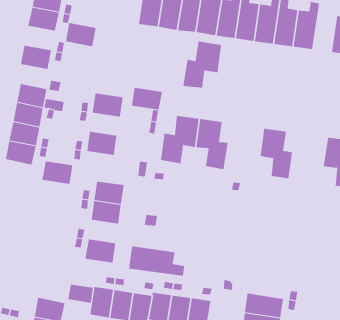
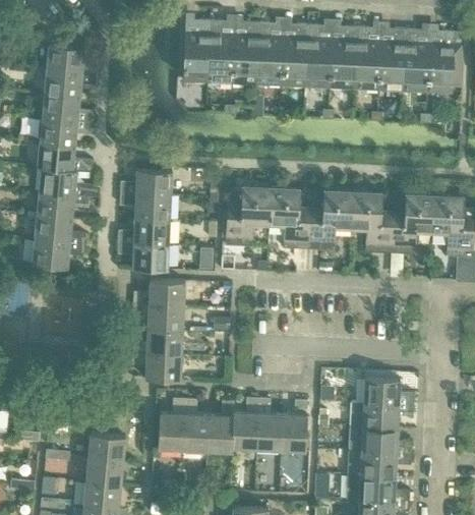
building: none -> [404,28,429,89]
building: [65,23,97,47] -> [42,94,79,121]
building: [183,41,222,88] -> [308,190,352,249]
building: none -> [38,142,75,170]
building: [131,87,163,110] -> [134,194,172,220]
building: none -> [391,194,433,253]
building: [41,161,73,184] -> [131,243,169,270]
building: none -> [146,329,183,355]
building: [128,246,185,276] -> none
building: none -> [364,378,400,404]
building: [68,284,93,304] -> none

